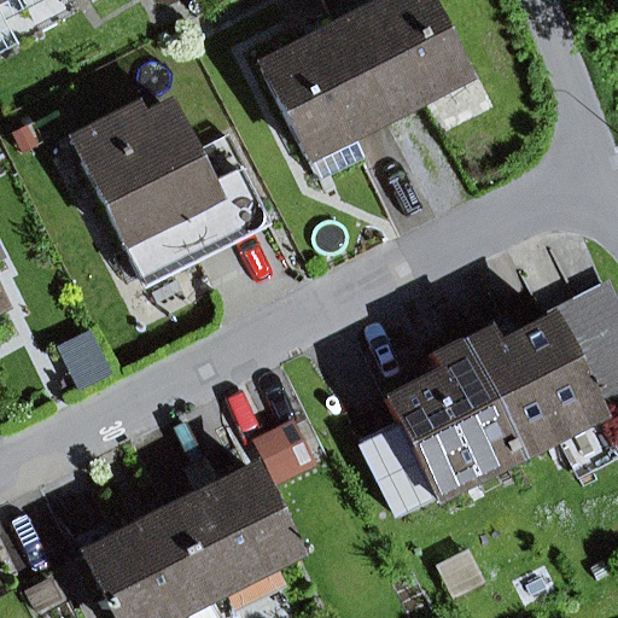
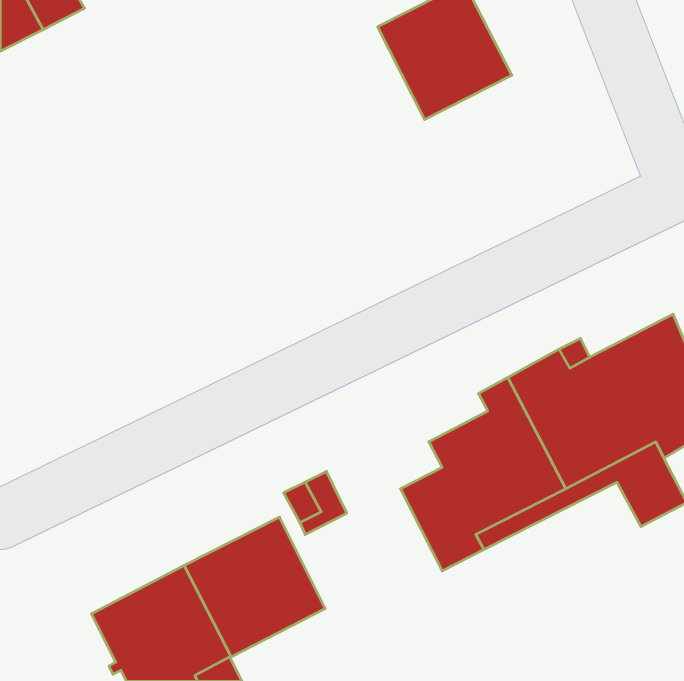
building: [261,24,384,175] -> none
building: [71,104,267,282] -> none

